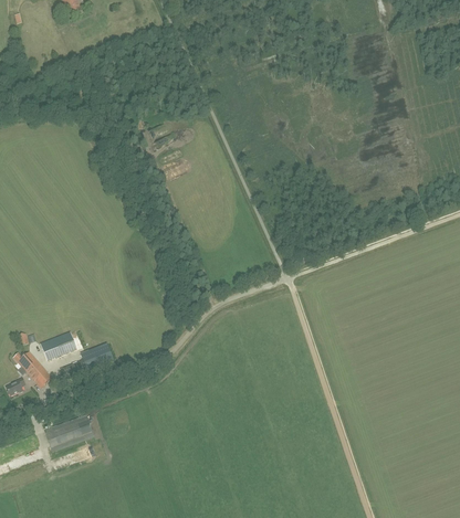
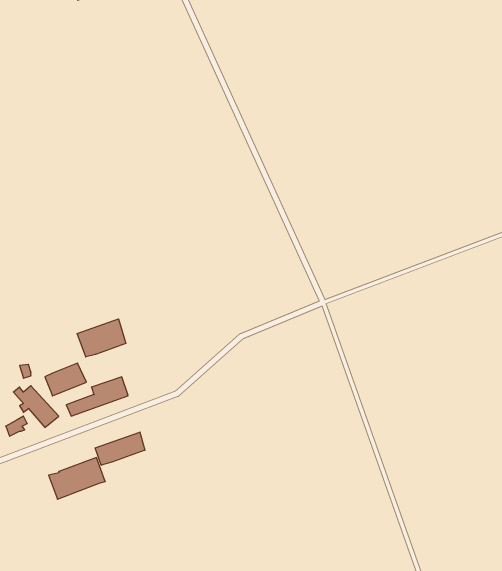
building: none -> [77,319,126,357]
building: none -> [95,432,145,465]

